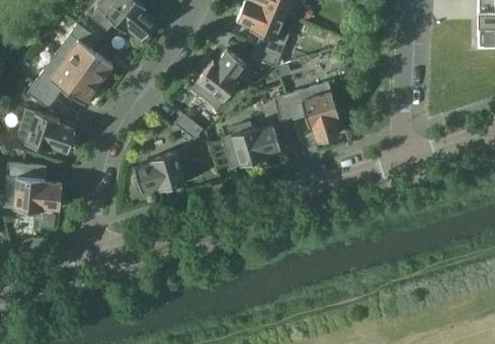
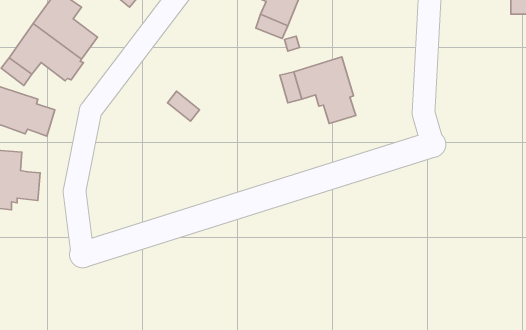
building: [191,50,246,109] -> none
building: [221,122,280,168] -> none
building: [134,149,195,192] -> none

